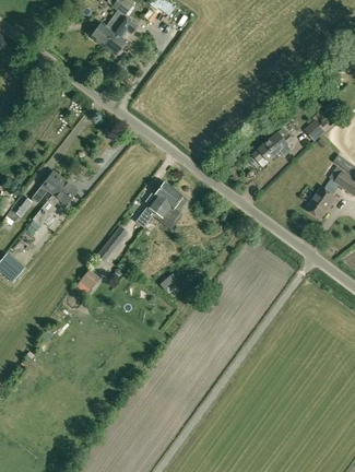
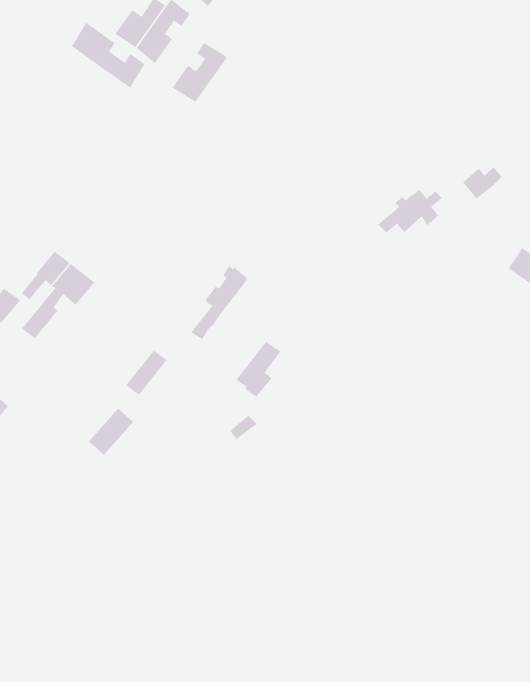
building: none -> [71,22,145,88]
building: none -> [172,42,228,103]
building: [306,186,335,219] -> none
building: [154,189,182,224] -> [235,341,281,398]

